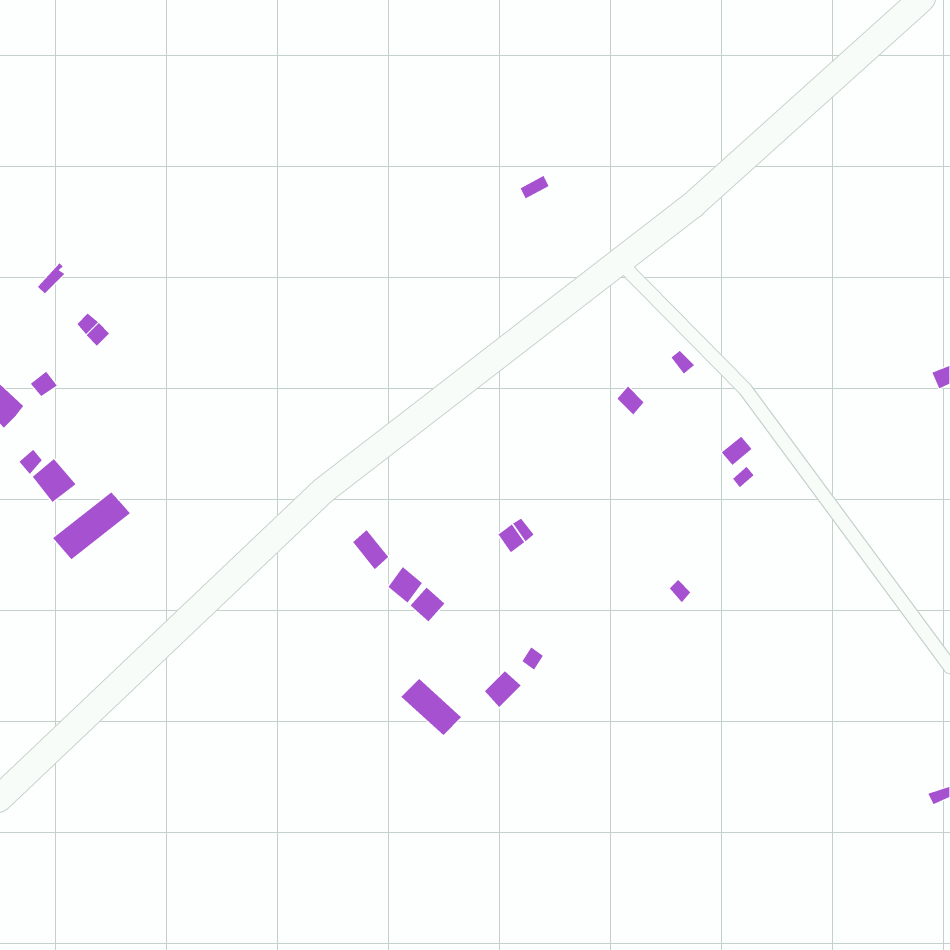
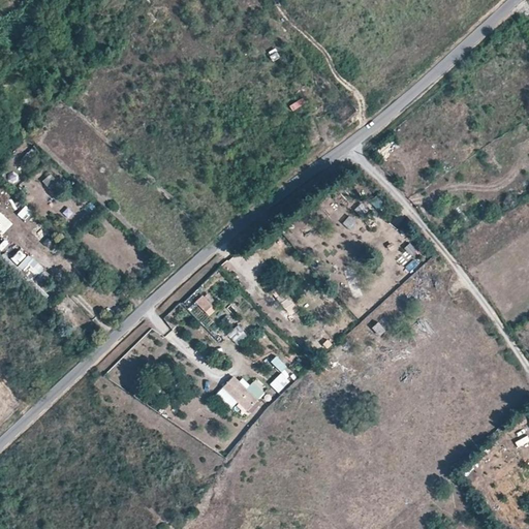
building: [52,491,131,560] -> none

